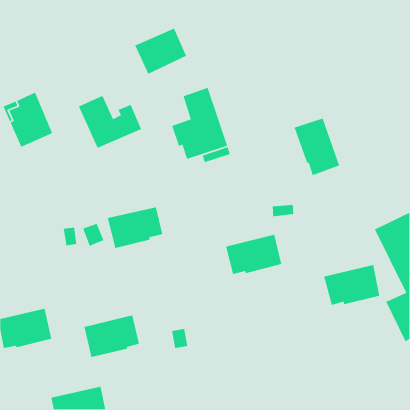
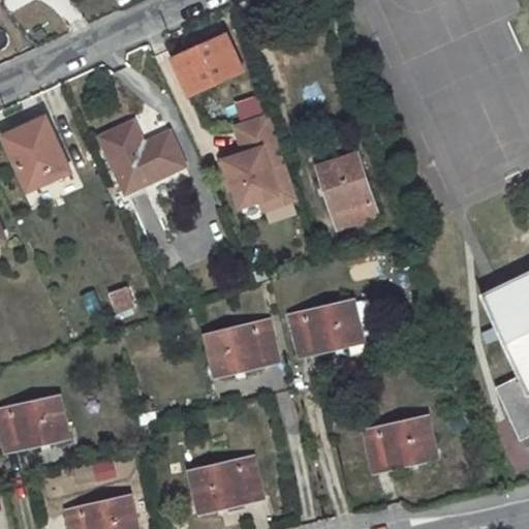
building: [294,118,340,176] -> [316,154,376,229]
building: [107,206,163,249] -> [205,321,277,376]
building: [323,264,380,306] -> [363,415,436,469]
building: [84,314,140,358] -> [189,457,261,512]

